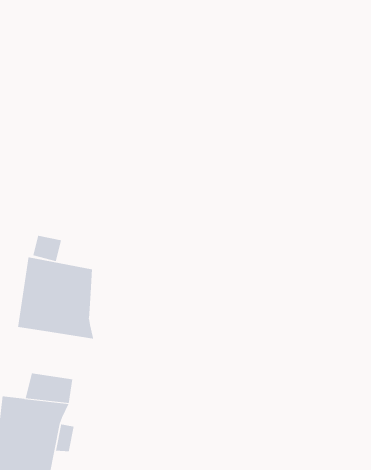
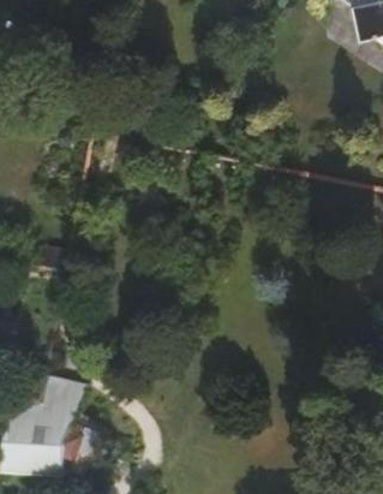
building: [17,256,94,339] -> none

